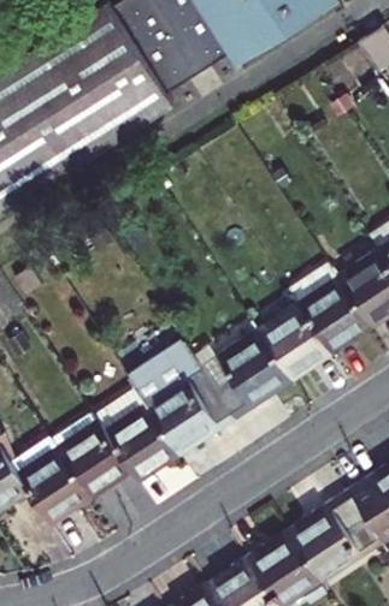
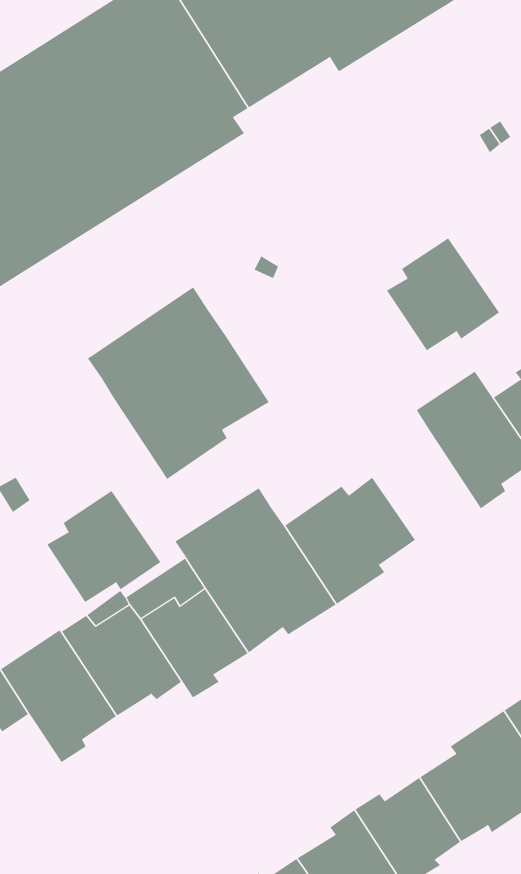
building: none -> [386,237,500,351]
building: none -> [87,287,269,480]
building: [259,303,331,376] -> none
building: none -> [46,490,161,603]

